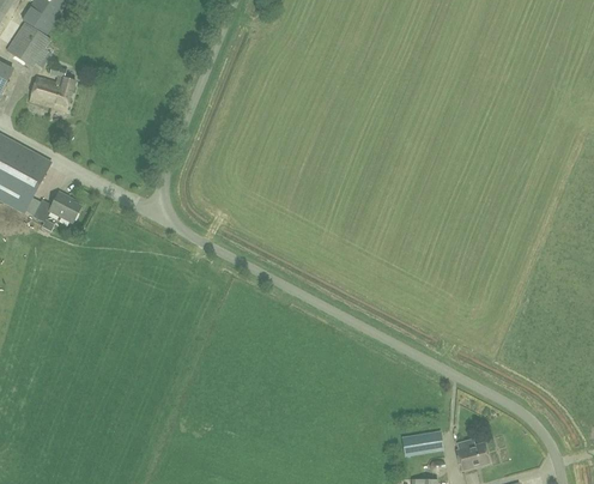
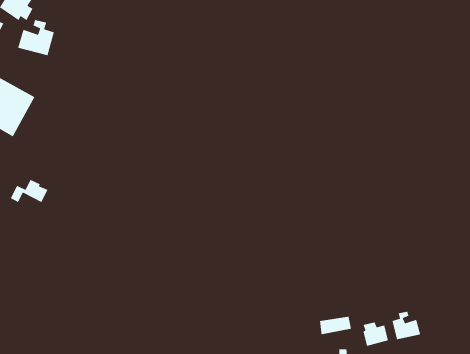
building: [32,190,80,220] -> [10,179,48,203]
building: none -> [392,311,421,340]

